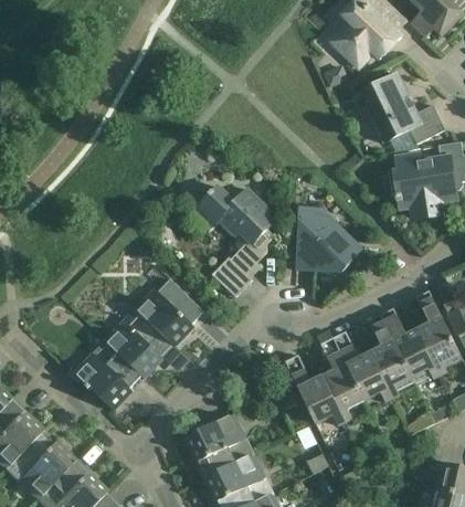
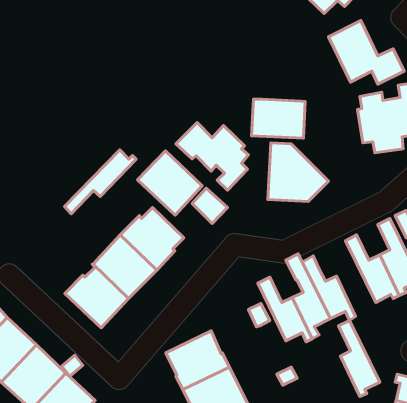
building: none -> [251,99,305,138]
building: none -> [65,150,136,214]
building: none -> [137,151,202,215]
building: [368,314,413,397] -> [338,321,380,396]

